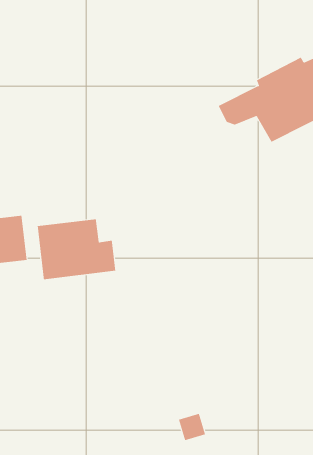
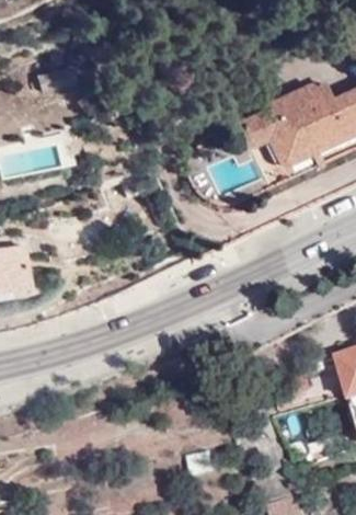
building: [37,218,116,280] -> none

